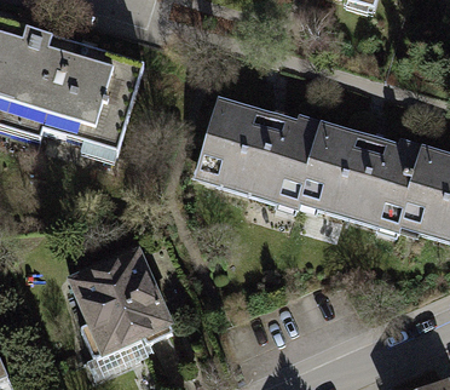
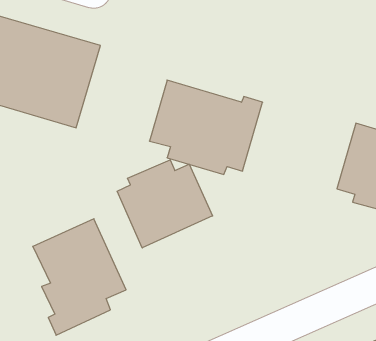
building: [299,124,421,225] -> none
building: none -> [117,160,213,248]

